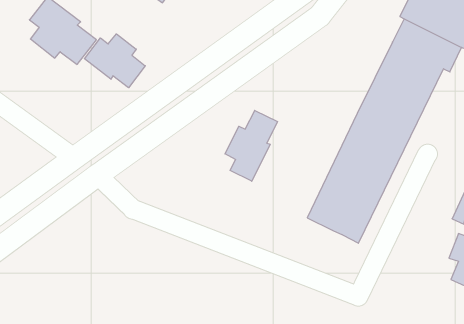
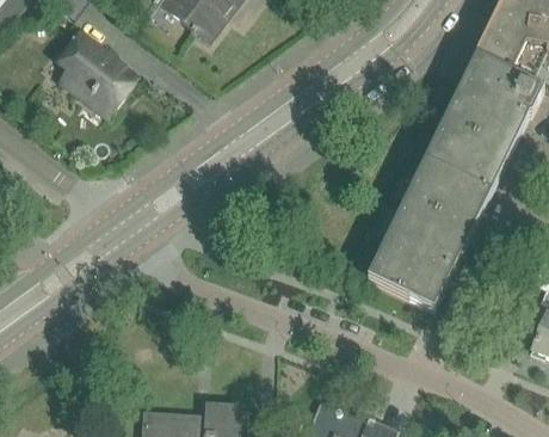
building: [84,34,145,88] -> none
building: [225,110,278,181] -> none

